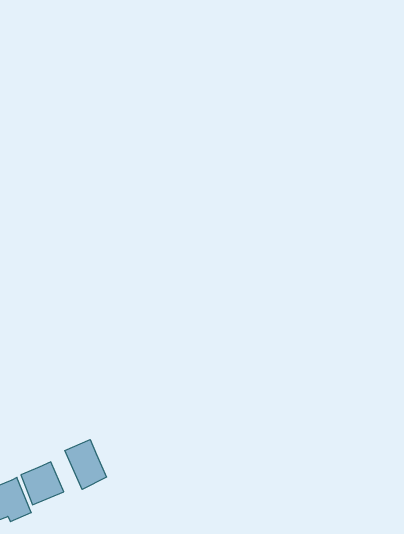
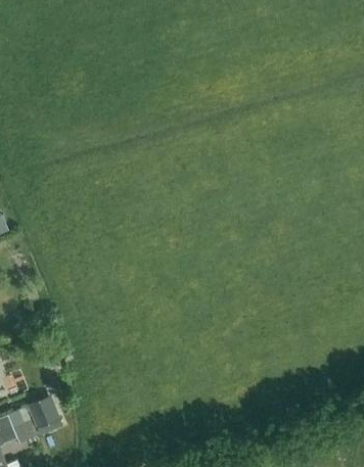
building: [65,440,106,489] -> none

